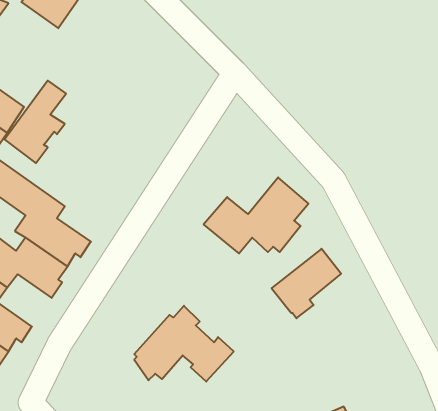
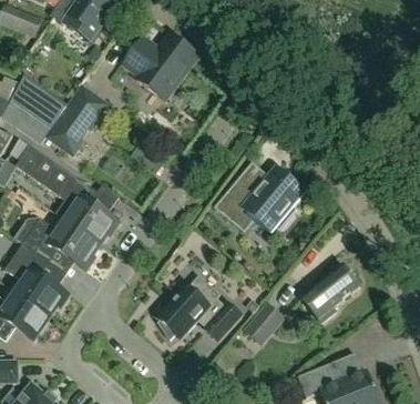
building: none -> [124,32,199,100]
building: [272,249,341,318] -> [301,263,360,322]
building: none -> [243,300,285,344]

